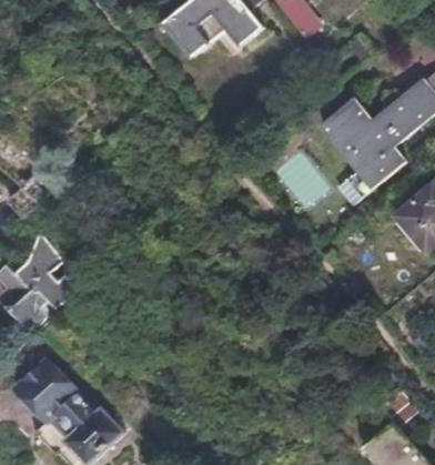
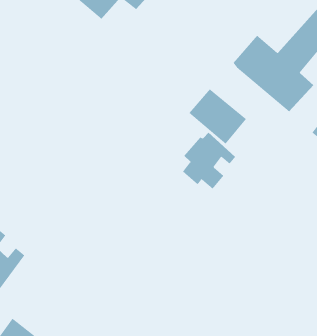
building: none -> [182,132,236,190]

